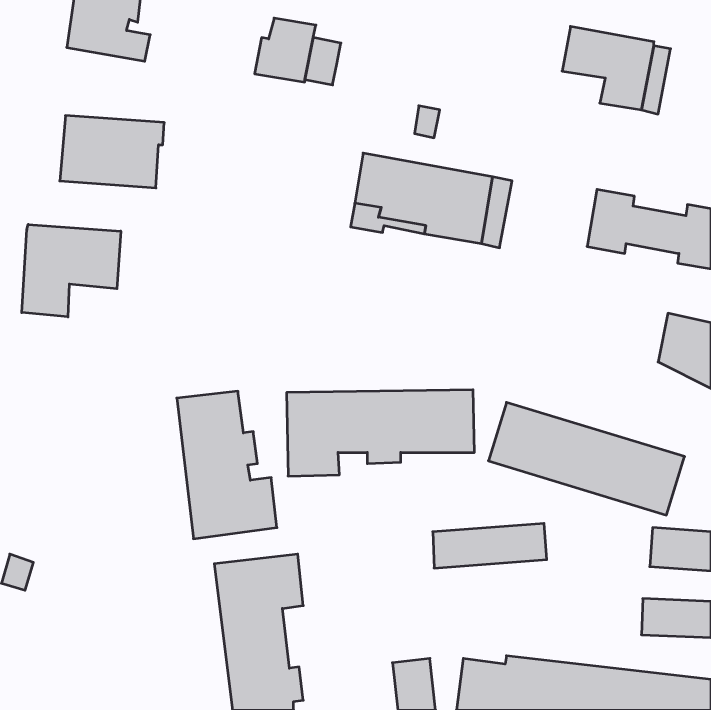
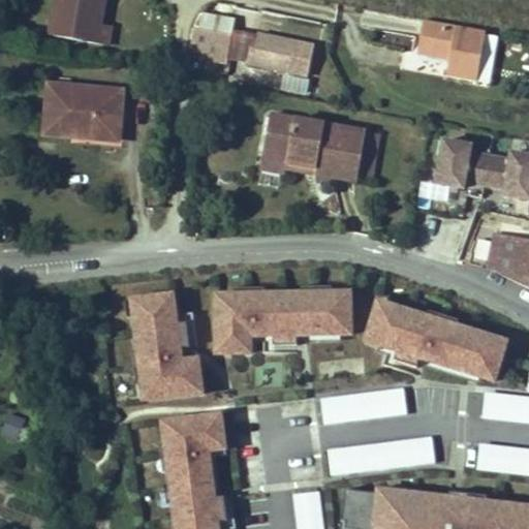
building: none -> [247,33,309,75]
building: [22,224,121,317] -> none
building: none -> [326,435,435,475]

